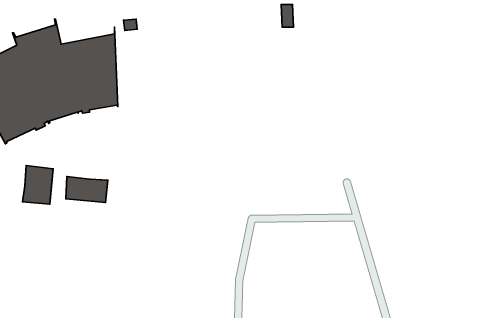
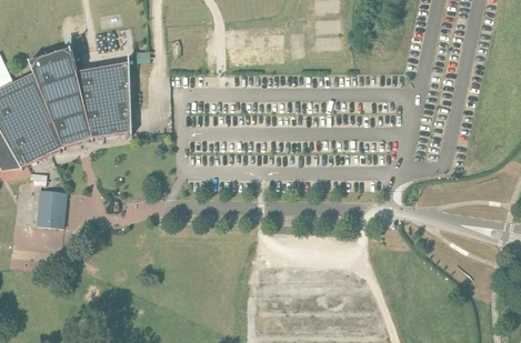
building: [66,177,108,203] -> none

